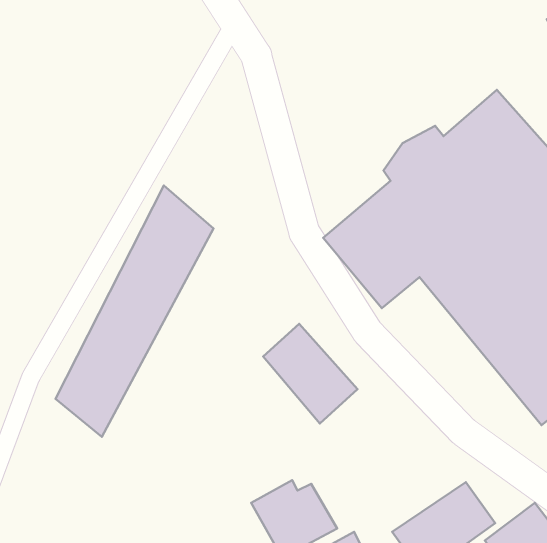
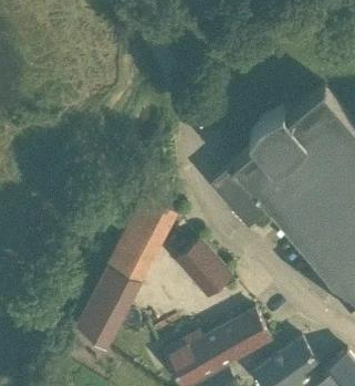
building: [55,185,214,437] -> [76,188,178,350]
building: none -> [202,311,271,369]

